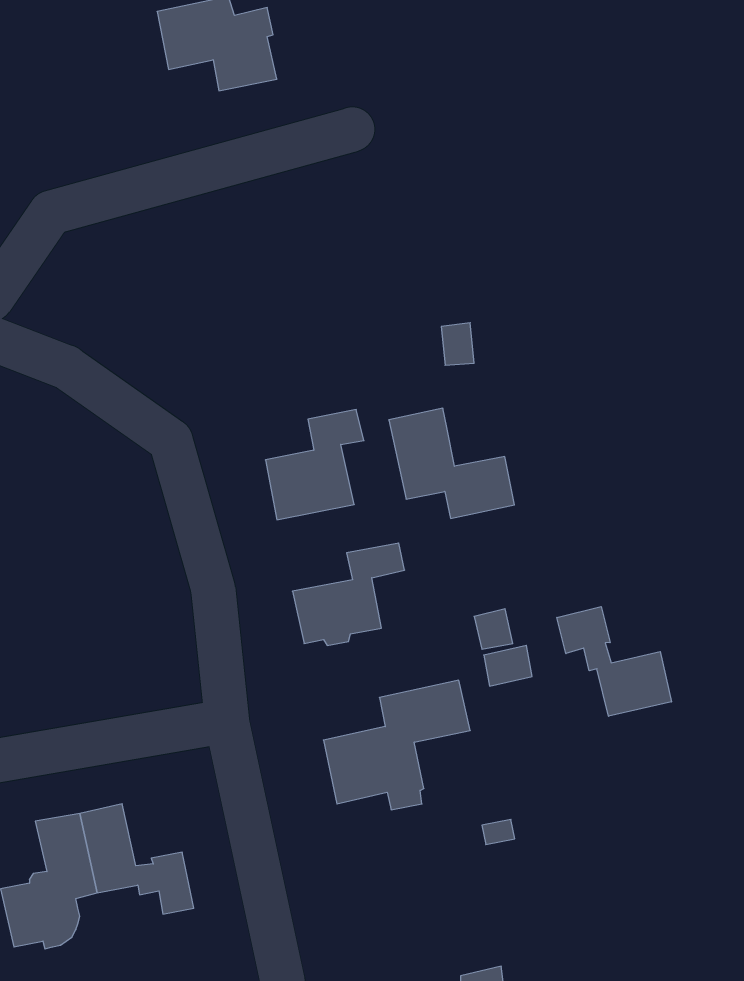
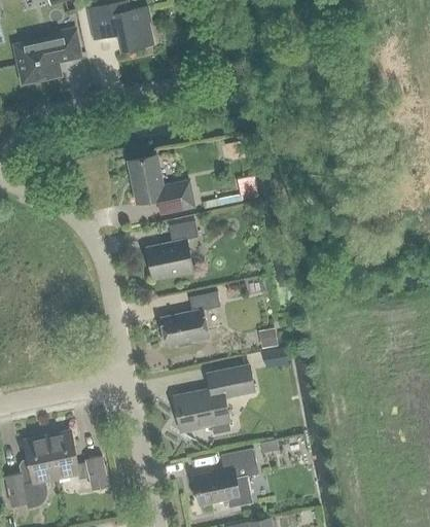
building: none -> [15,30,79,82]
building: [389,408,514,518] -> [128,155,194,214]
building: [557,607,671,716] -> none
building: none -> [193,449,258,508]

